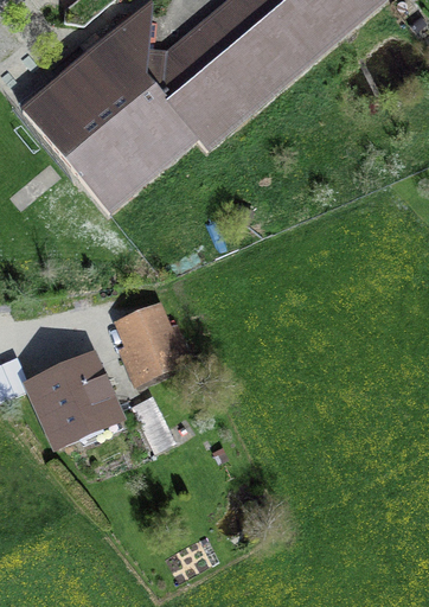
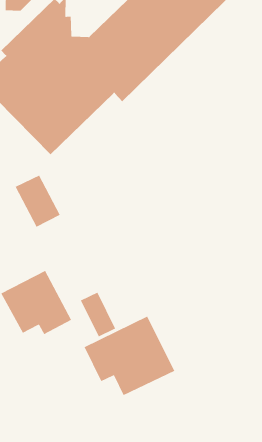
building: [120,301,177,370] -> [14,174,61,228]
building: none -> [83,315,175,396]

